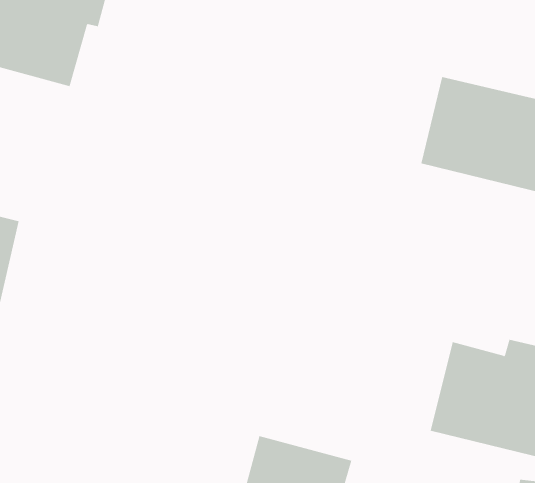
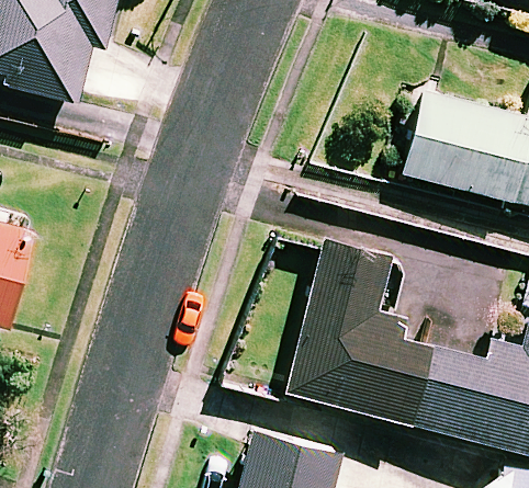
building: none -> [289,241,432,424]

